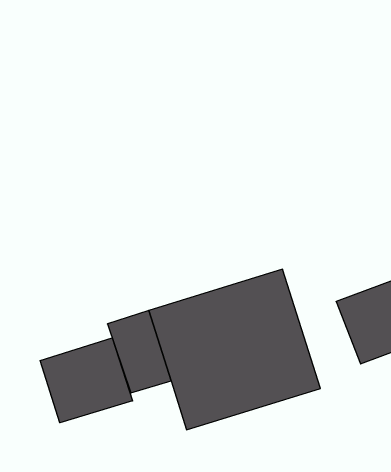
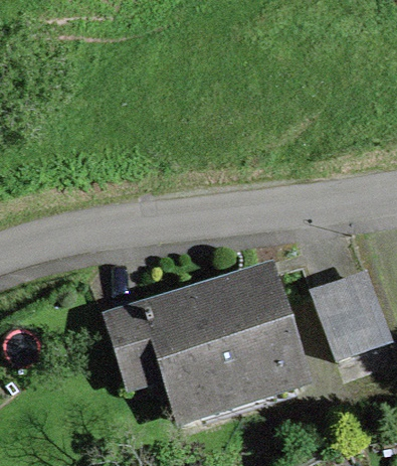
building: [40,338,133,423] -> none

